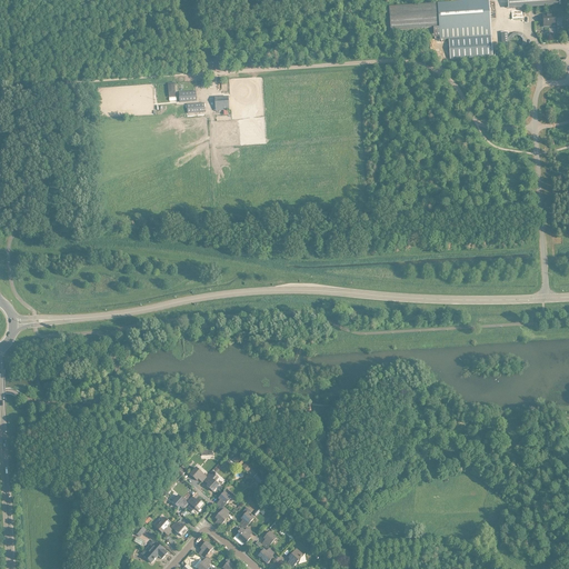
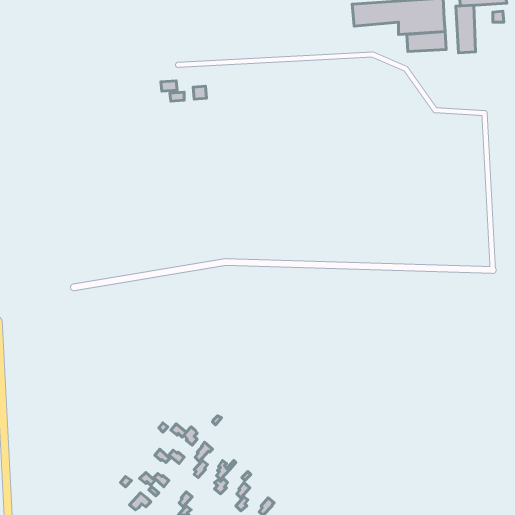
building: none -> [456,5,475,53]

